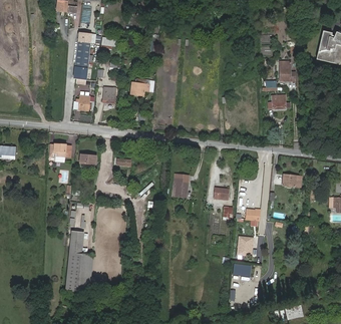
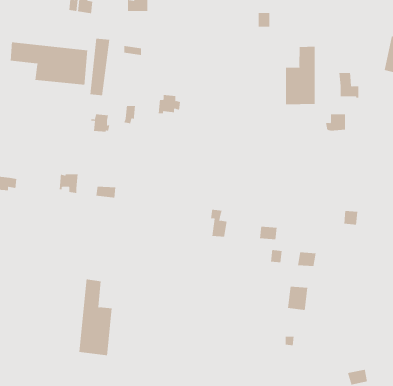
building: none -> [10,42,88,86]
building: none -> [285,46,315,105]

